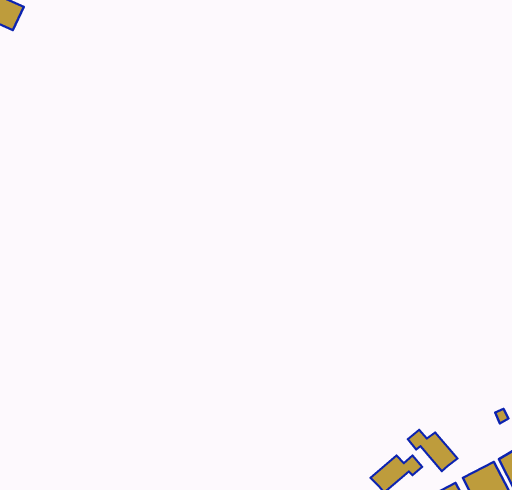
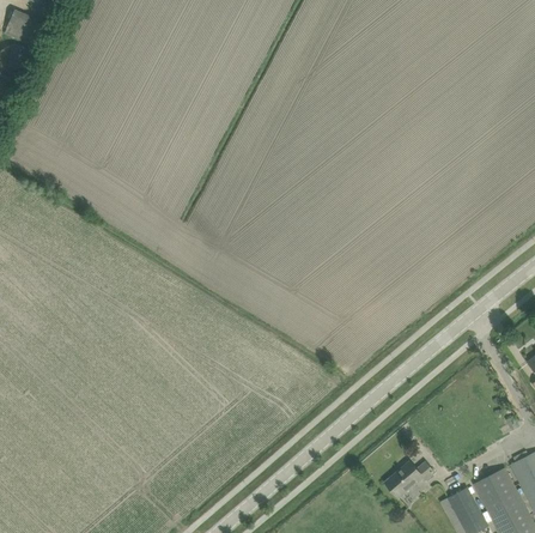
building: [408,430,458,471] -> none

